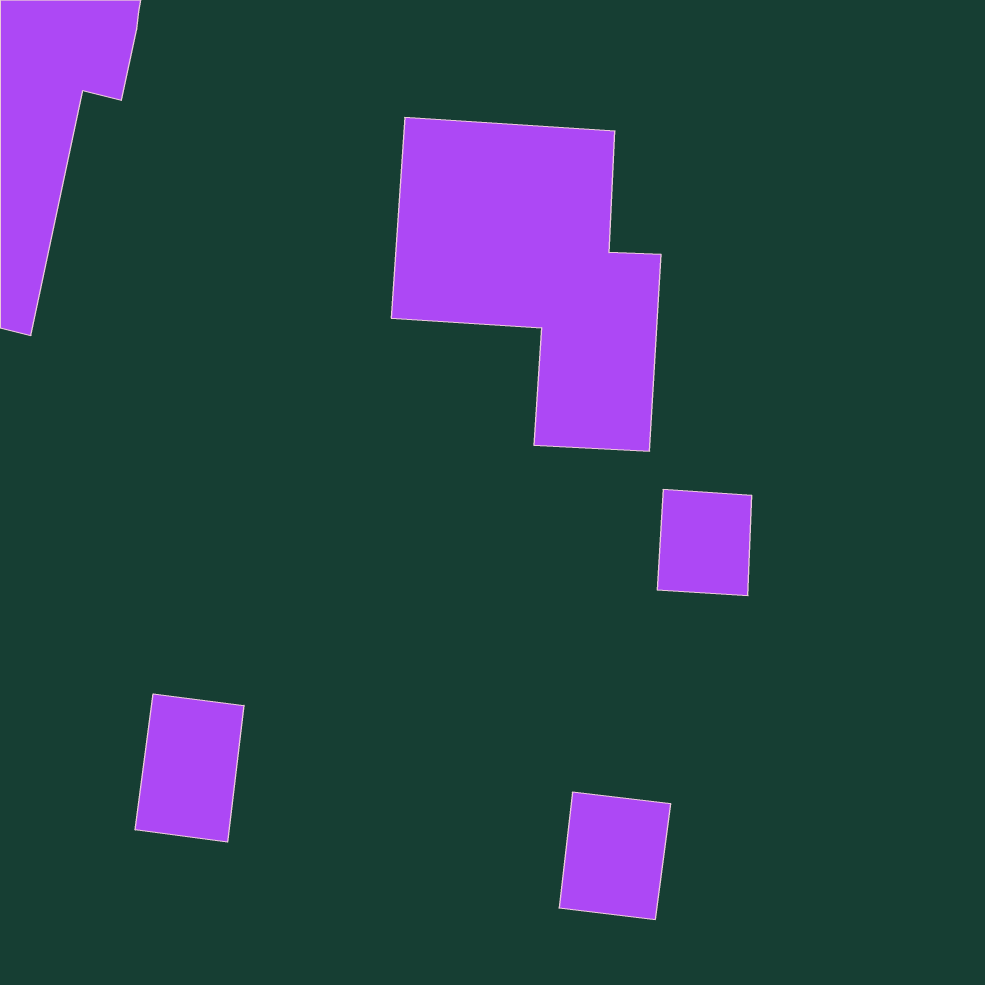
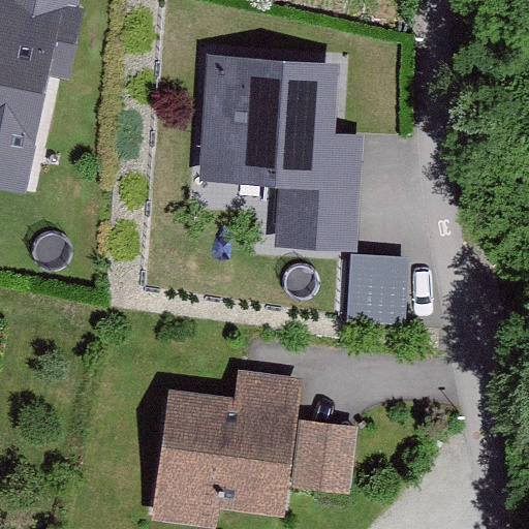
building: [135,694,244,842] -> none
building: none -> [164,376,293,502]

